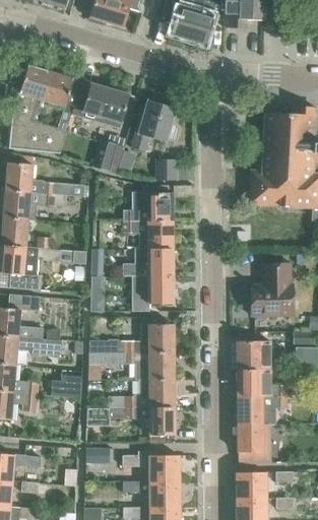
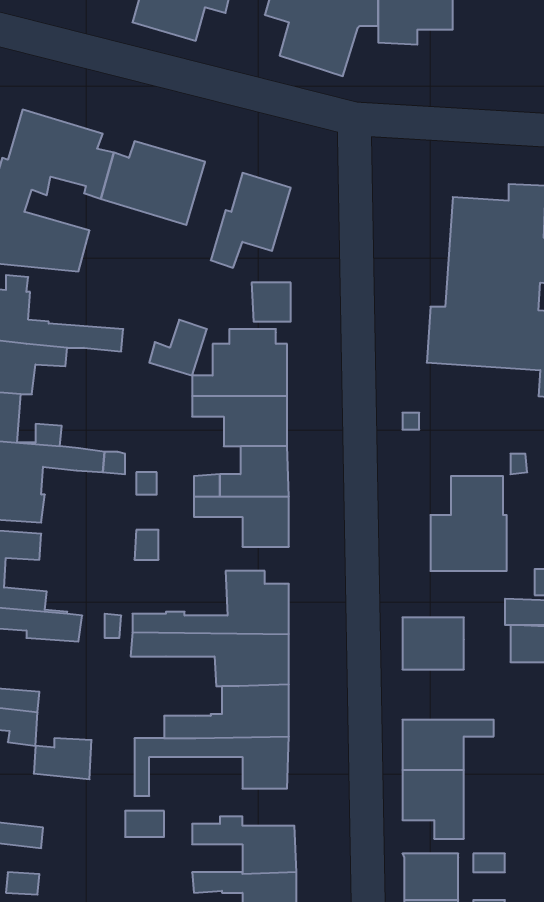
building: [91,142,123,173] -> [149,320,207,376]
building: [237,371,287,398] -> none
building: [50,376,81,398] -> [34,738,92,779]

